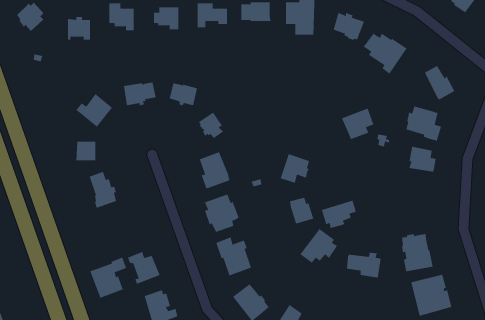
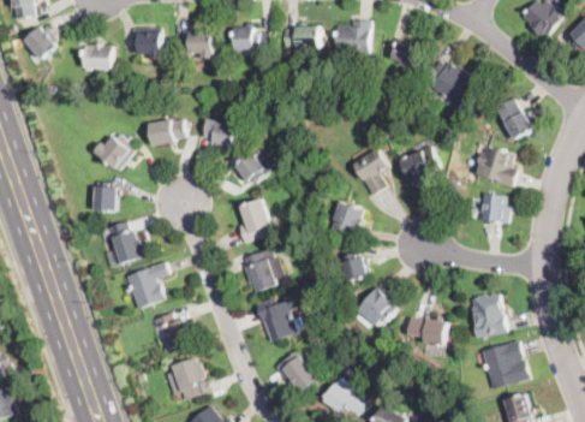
building: none -> [354,149,388,195]
building: [321,200,356,229] -> none
building: [90,257,127,298] -> [125,261,168,309]

